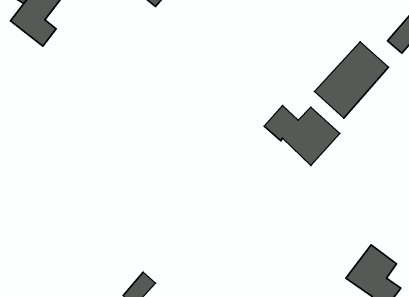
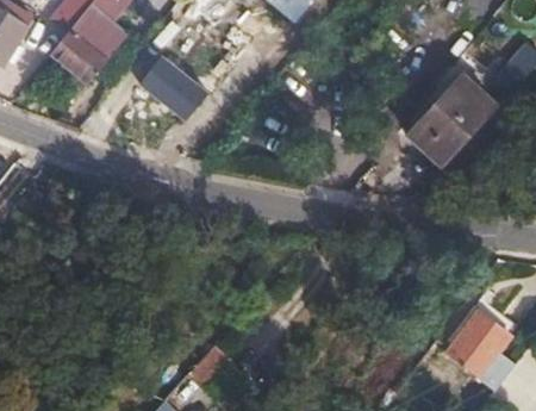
building: none -> [139,54,207,118]
building: [264,105,340,166] -> none

